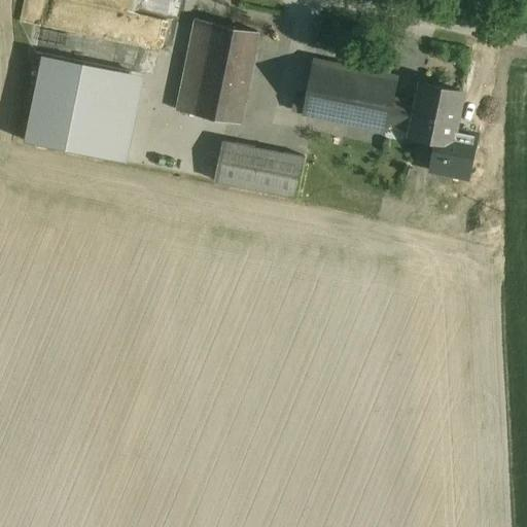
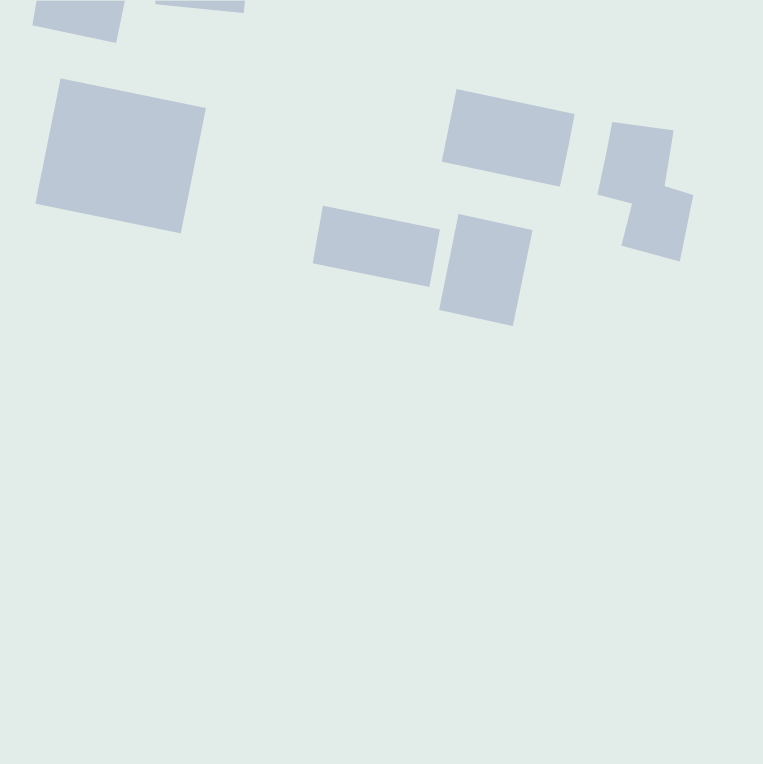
building: [176,20,255,124] -> none
building: [386,101,416,130] -> none
building: none -> [439,213,533,327]

